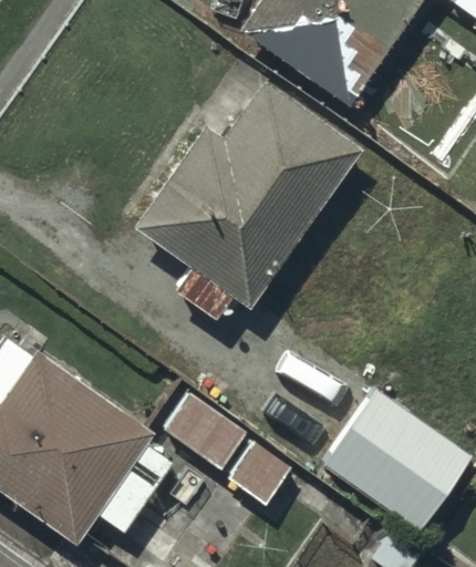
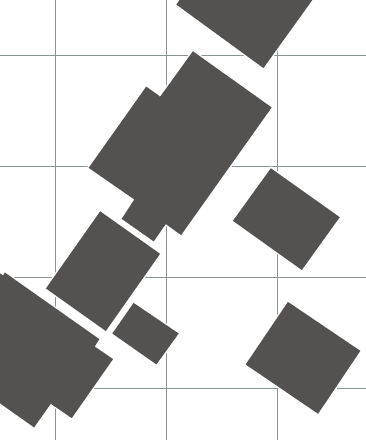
building: none -> [232,167,341,271]
building: none -> [45,210,161,332]

